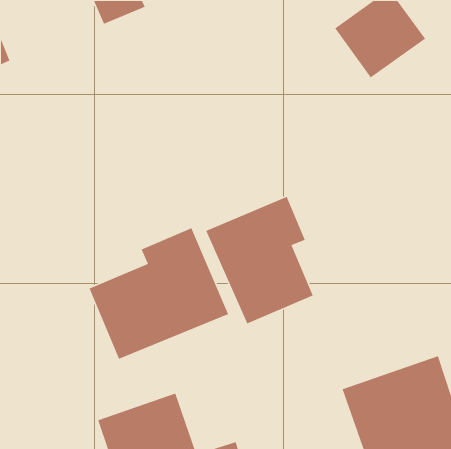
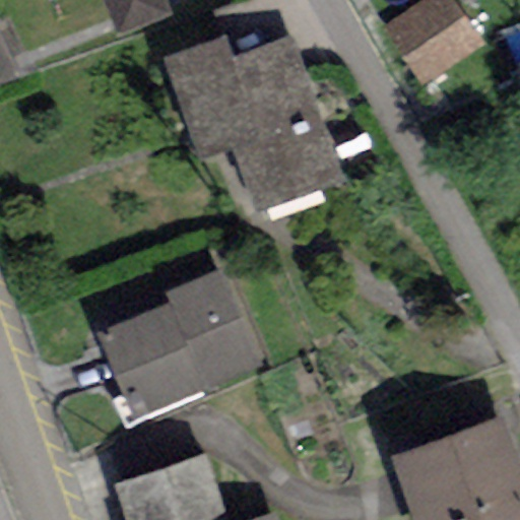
building: none -> [164,32,344,214]
building: [205,196,314,324] -> none

